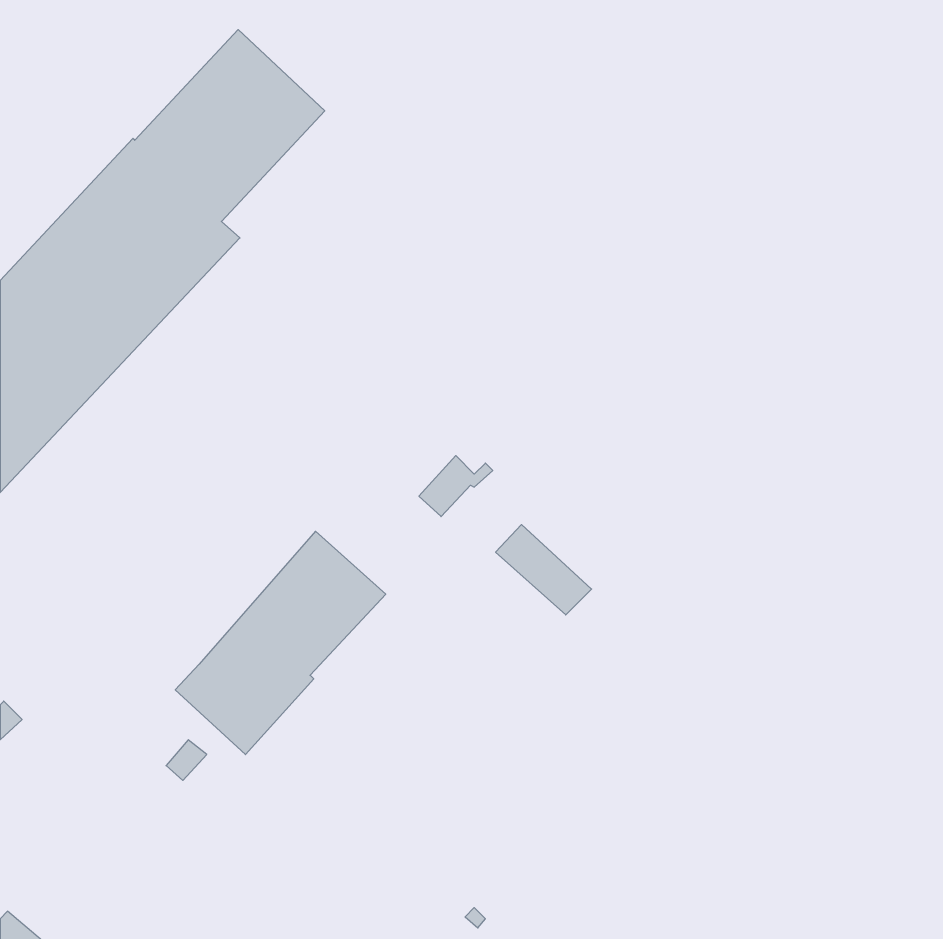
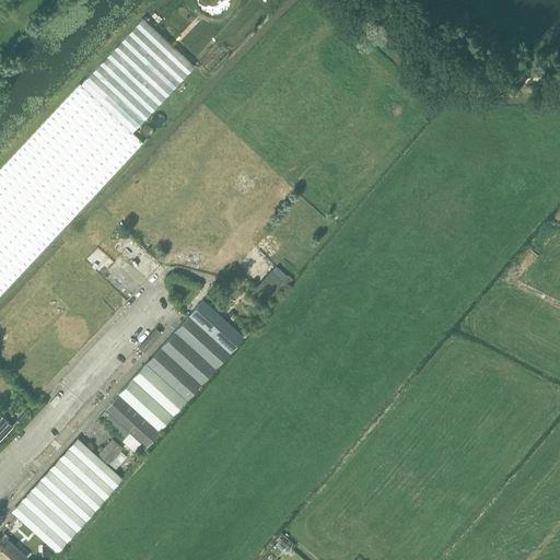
building: [496,525,592,615] -> [187,301,244,354]
building: none -> [13,440,122,553]

